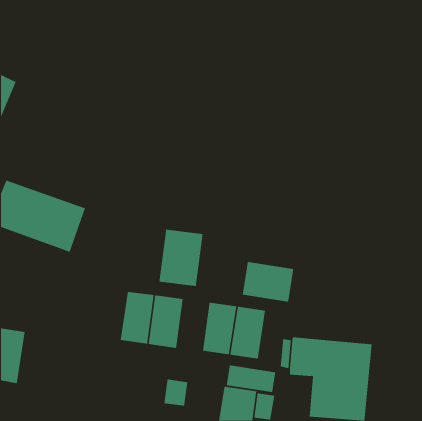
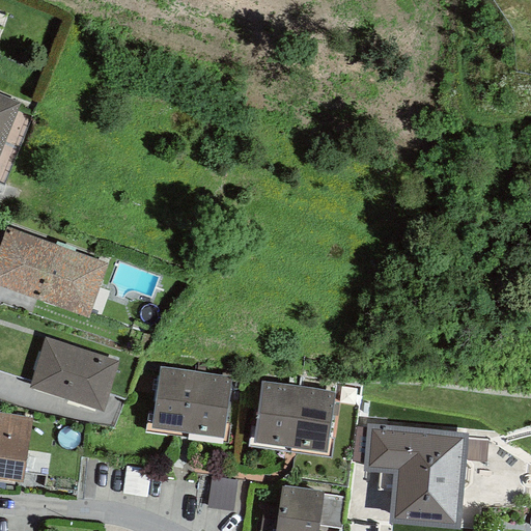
building: [159,229,203,287] -> none
building: [242,261,294,302] -> none
building: none -> [28,337,118,410]
building: [226,364,276,393] -> none

